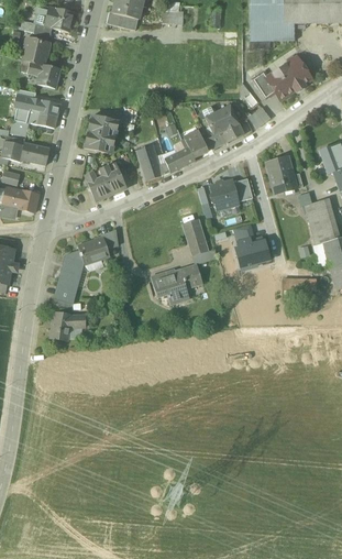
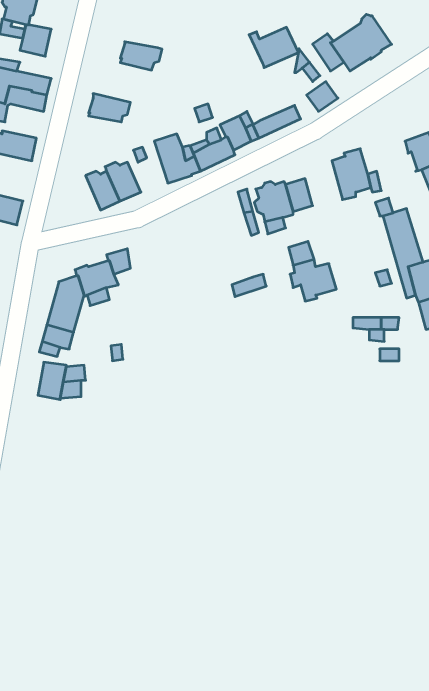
building: [202,105,239,134] -> [249,27,298,68]
building: [84,131,114,152] -> [120,42,162,70]
building: [181,218,208,255] -> none
building: [151,265,201,302] -> none

